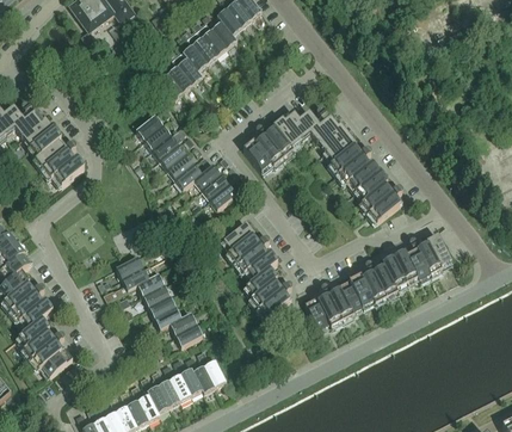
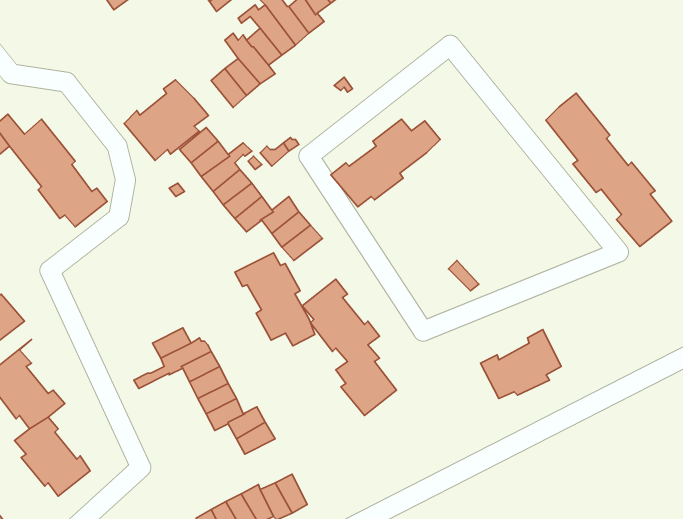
building: none -> [124,80,208,161]
building: [310,112,400,221] -> [546,93,672,246]
building: none -> [235,253,315,346]
building: [393,234,451,283] -> none
building: [304,280,362,329] -> none

